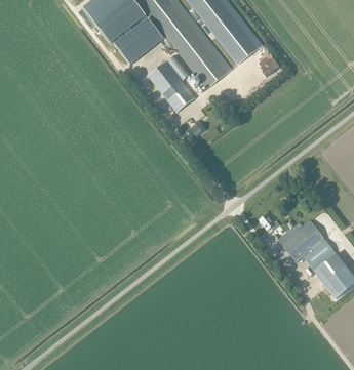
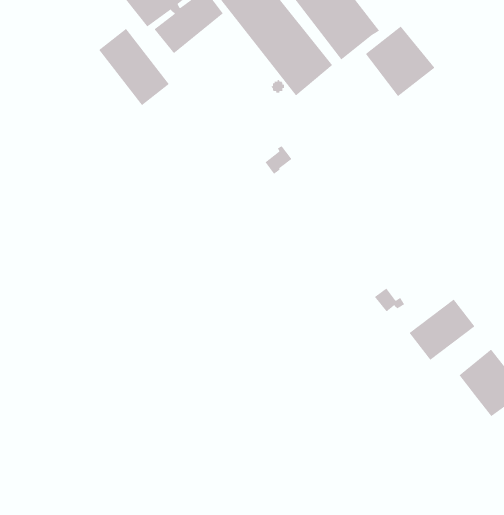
building: none -> [365,25,436,97]
building: [148,60,195,112] -> [98,28,170,106]
building: [303,240,336,271] -> none

